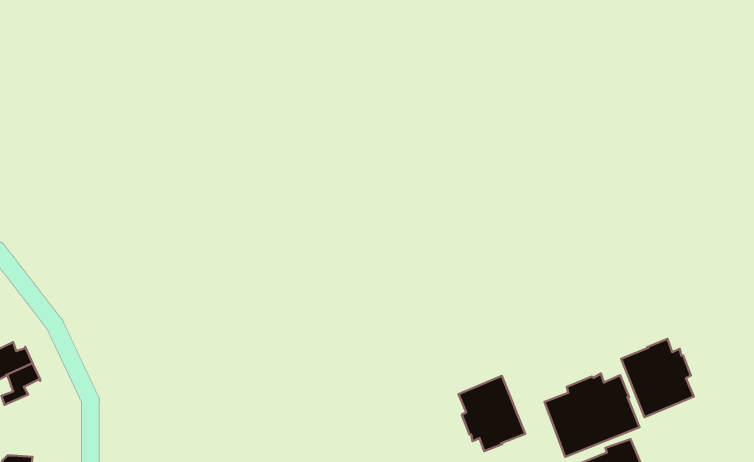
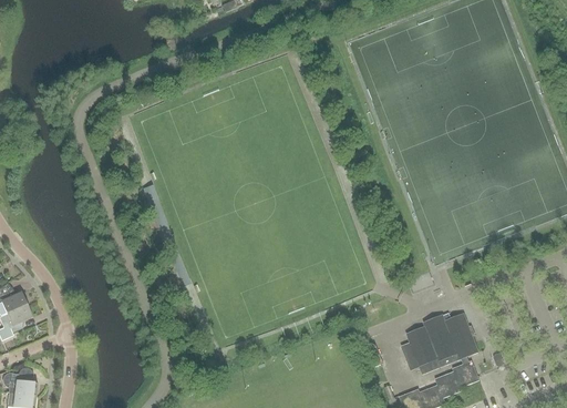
building: [621,339,694,417] -> none
building: [458,376,525,451] -> none

